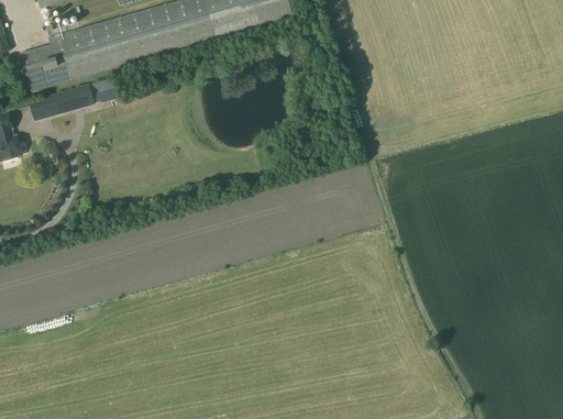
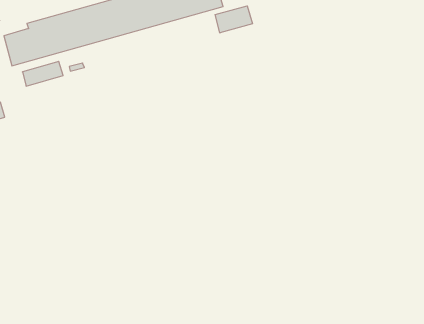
building: none -> [215,6,253,33]

